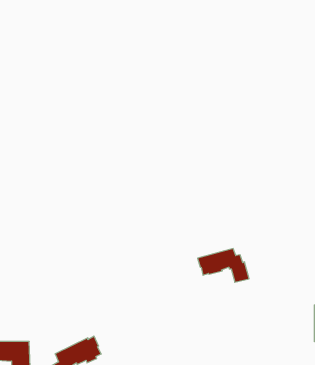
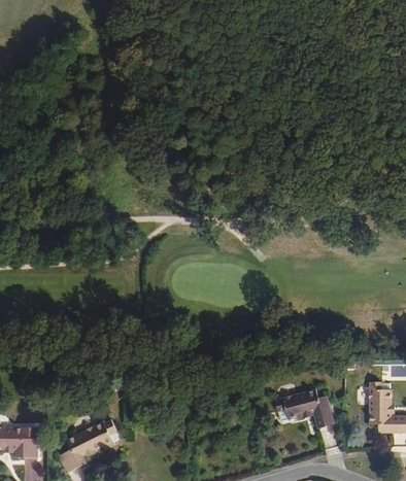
building: [198,249,249,282] -> [275,389,335,428]

